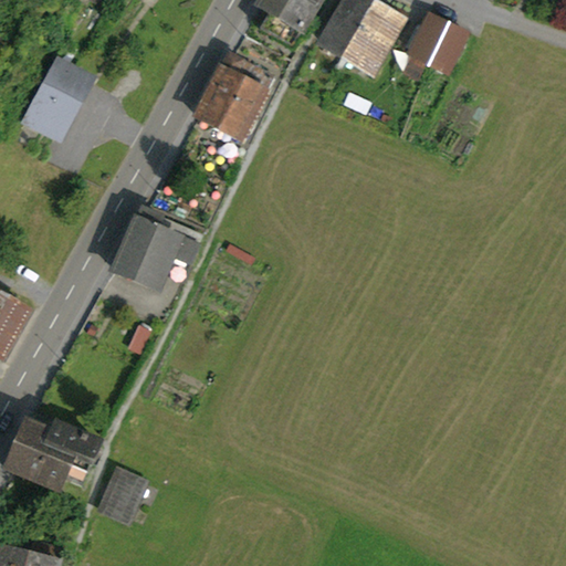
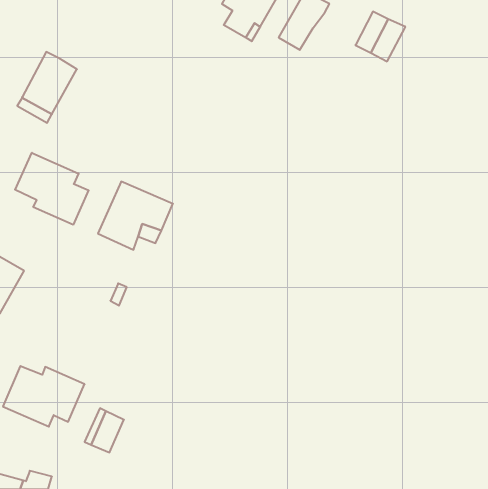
building: [345,4,402,73] -> none
building: [195,54,271,139] -> none
building: none -> [15,153,89,225]

